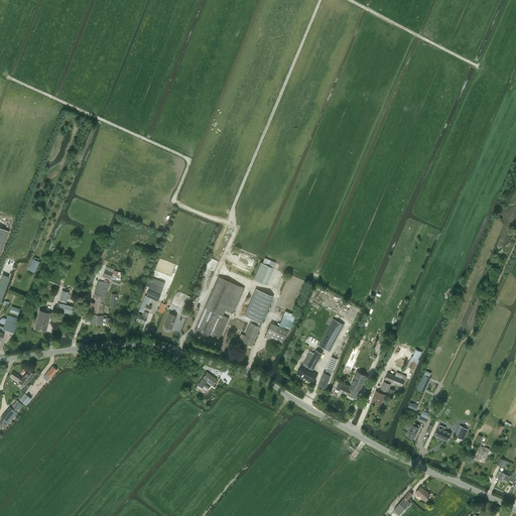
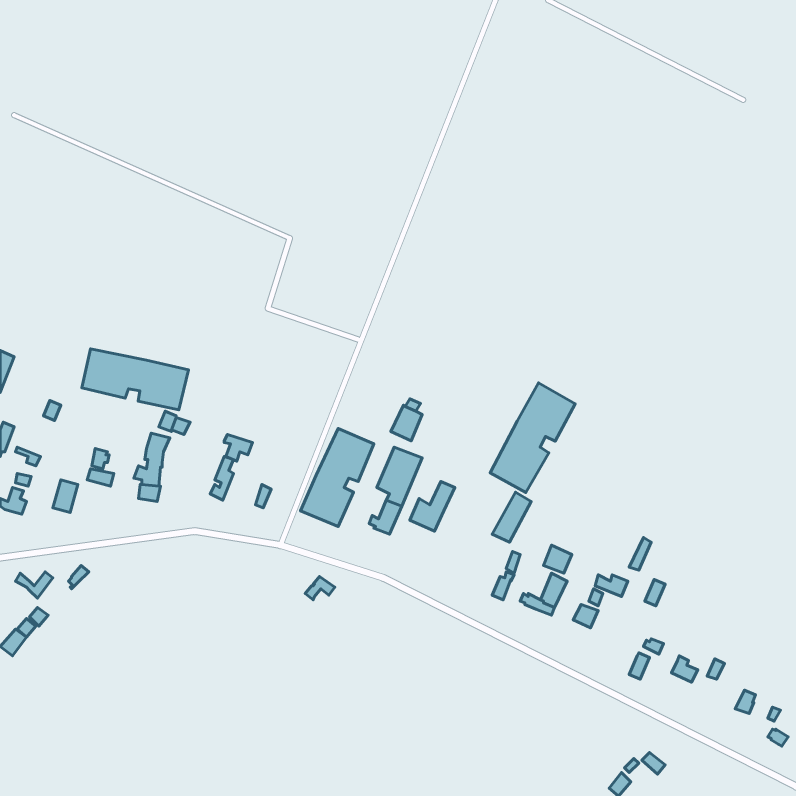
building: none -> [82,349,189,410]
building: none -> [490,383,575,493]
building: [297,350,322,383] -> none

